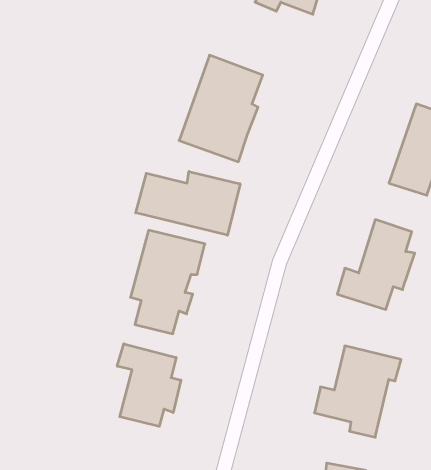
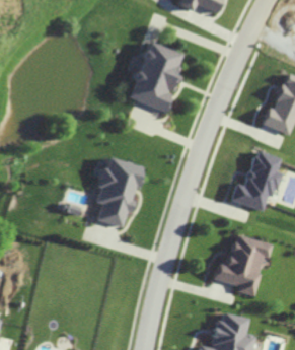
building: [136,171,240,235] -> none
building: [117,344,181,426] -> none

